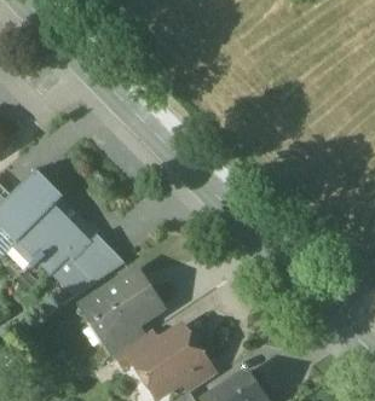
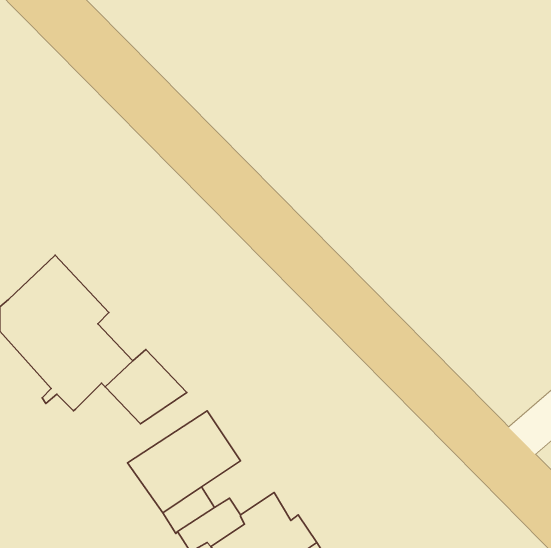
building: [50,254,92,294] -> none

